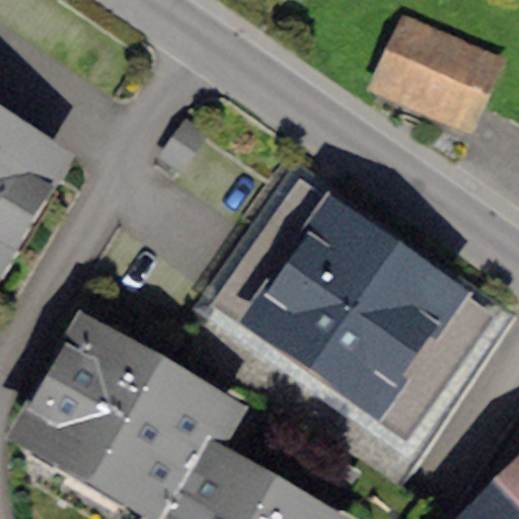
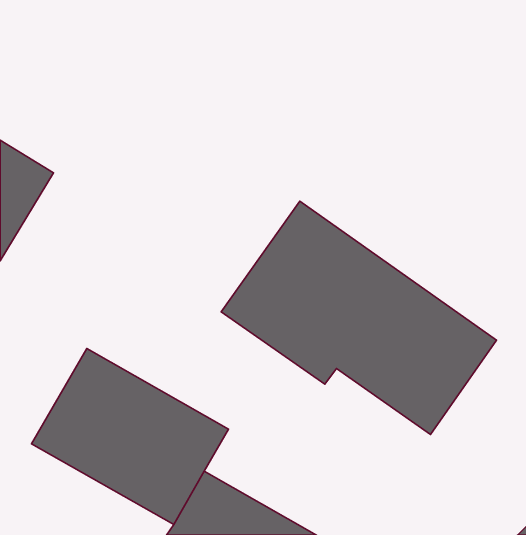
building: [390,18,508,118] -> none

